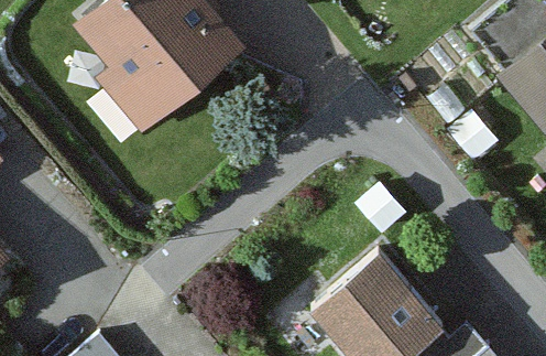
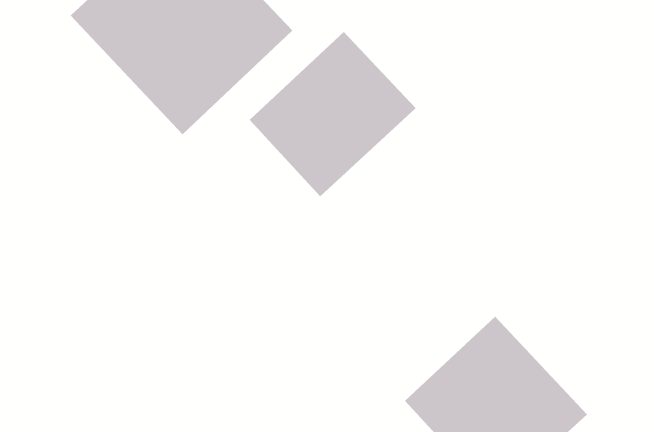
building: none -> [249,31,417,197]

